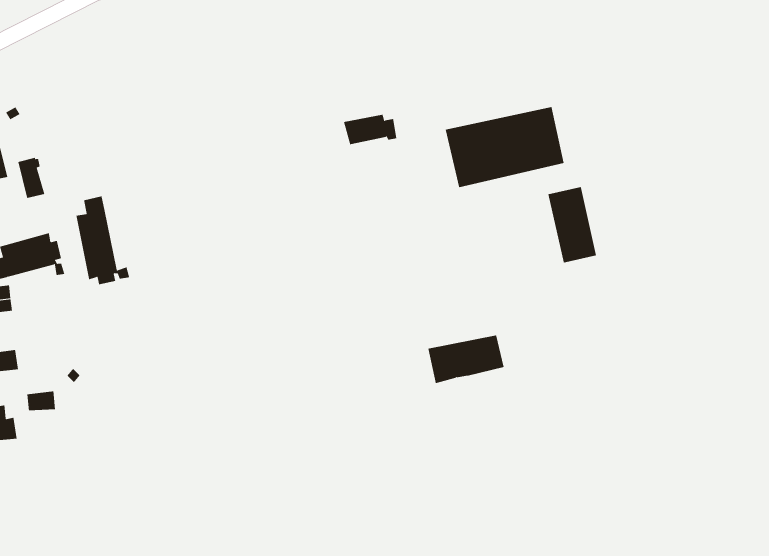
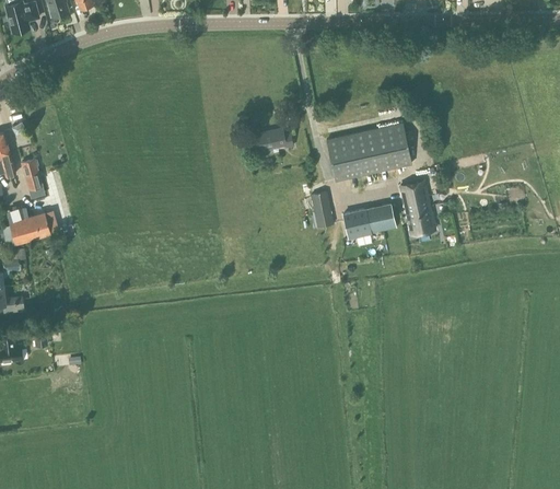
building: [76,196,130,285] -> none
building: none -> [311,190,332,225]
building: [428,335,504,384] -> [341,203,396,238]

